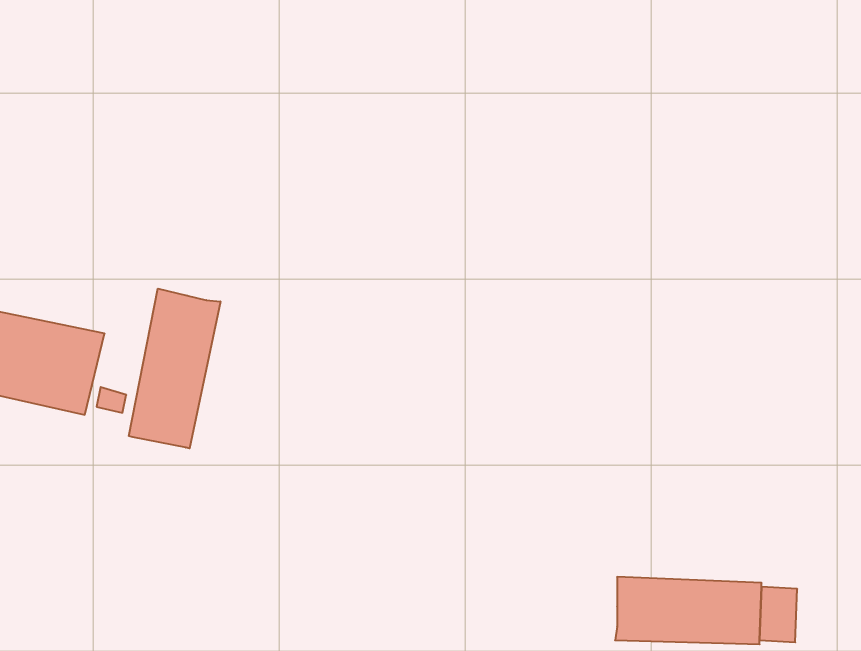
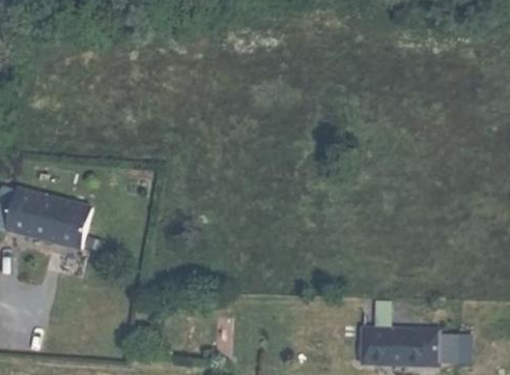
building: [129,289,220,448] -> none

